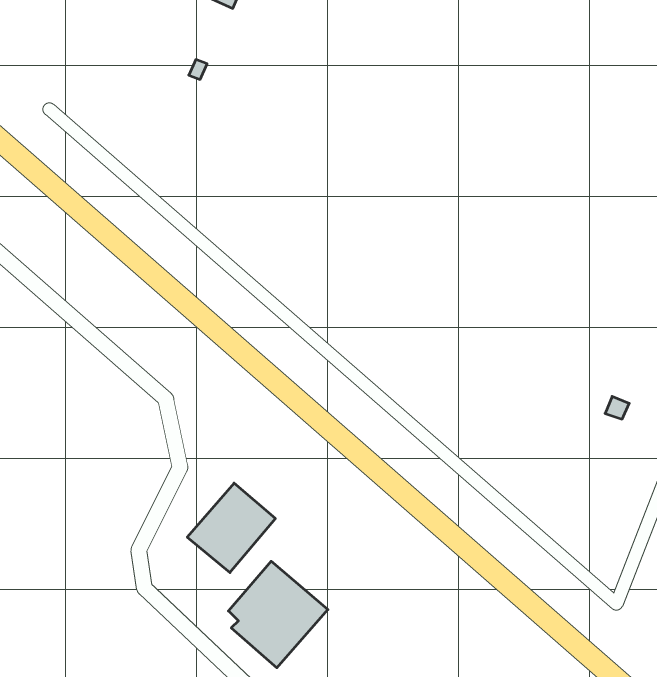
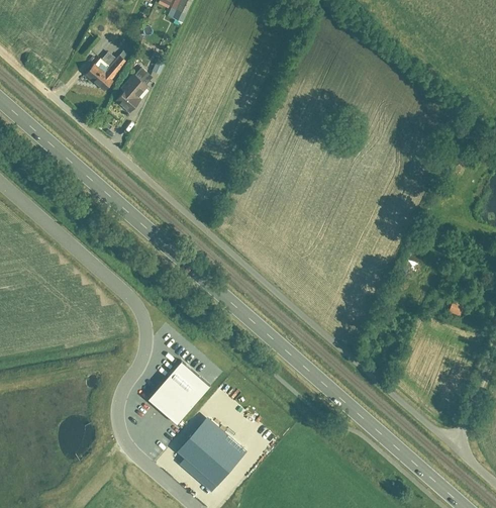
building: none -> [82,56,126,92]
building: none -> [112,76,142,114]

